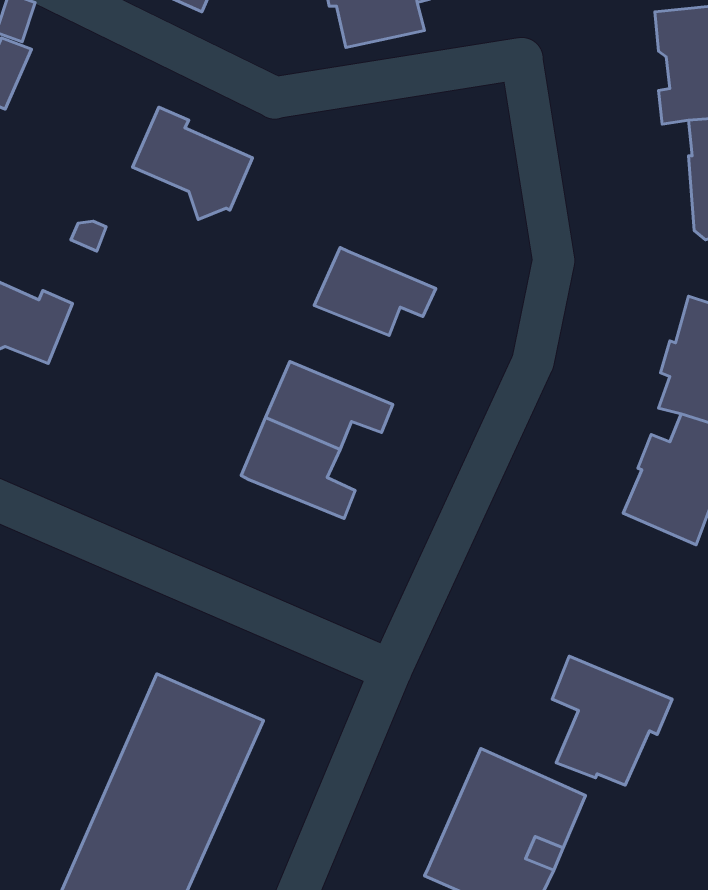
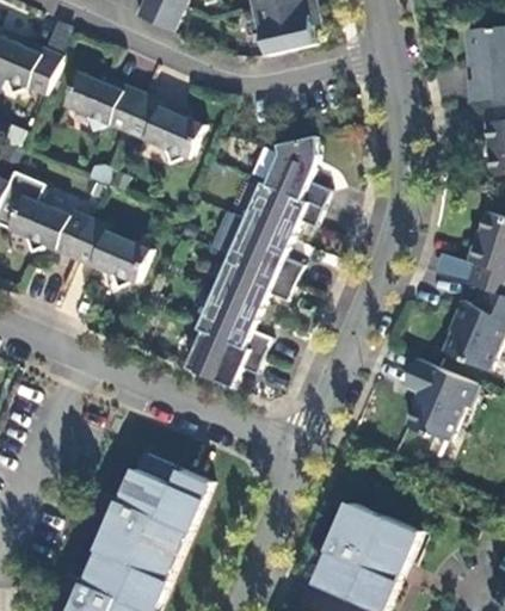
building: none -> [63,70,143,130]
building: none -> [264,135,327,208]
building: none -> [73,217,149,288]
building: none -> [227,218,300,282]
building: none -> [184,329,261,387]
building: [552,656,672,785] -> [400,358,476,440]

